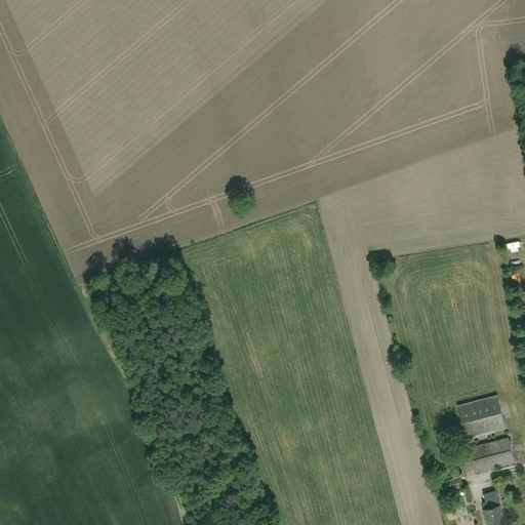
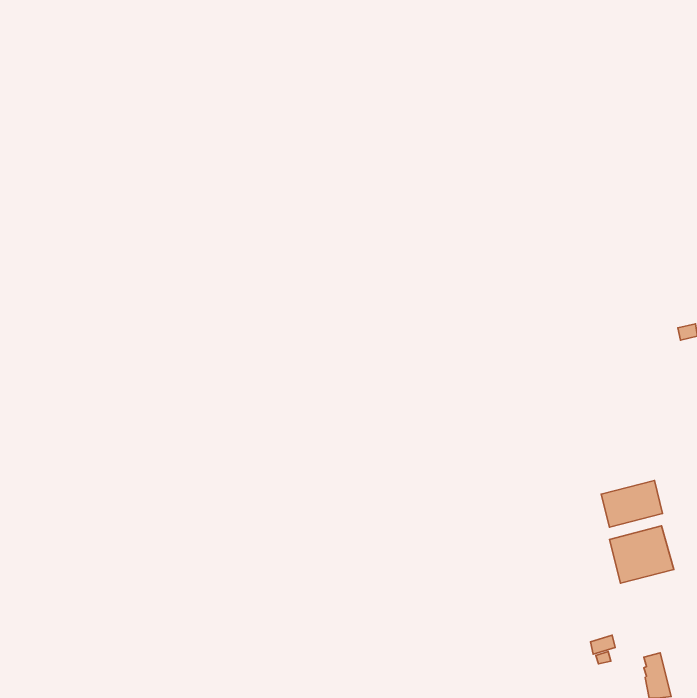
building: [468,438,514,473] -> [601,481,663,527]

